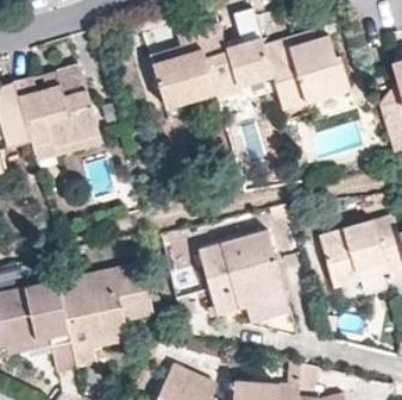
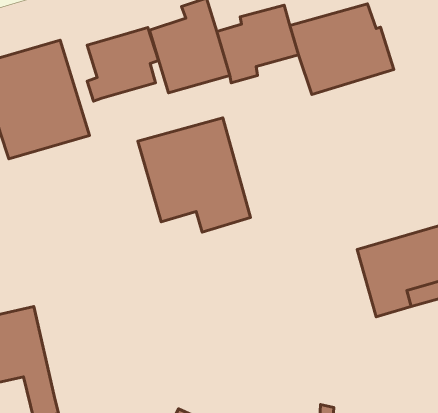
building: none -> [87,27,159,101]
building: [197,231,289,324] -> [138,118,250,232]
building: [56,263,151,355] -> none

